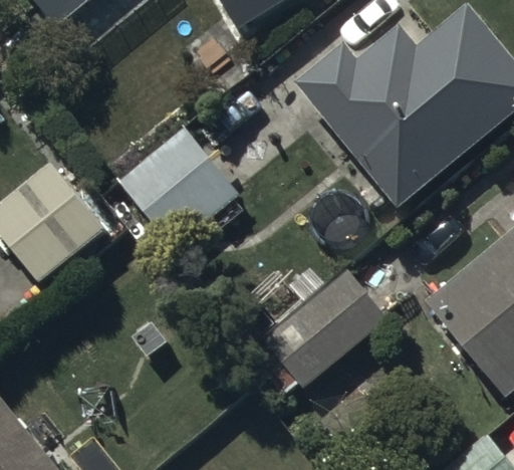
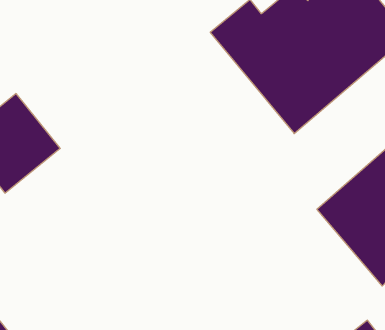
building: [119,127,238,244] -> none
building: [262,269,387,392] -> none

